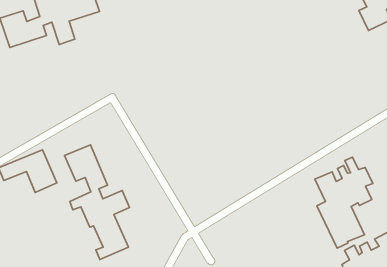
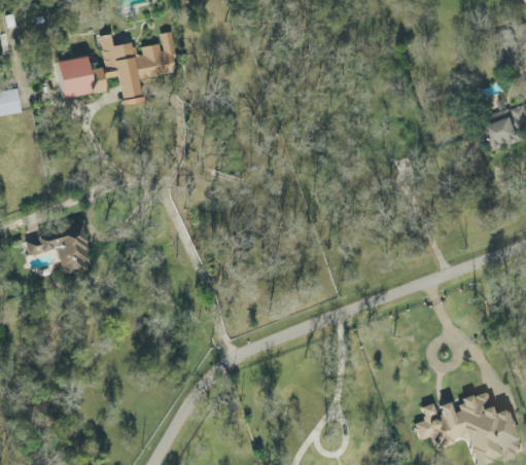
building: [64,145,129,260] -> none
building: [315,157,373,248] -> none

